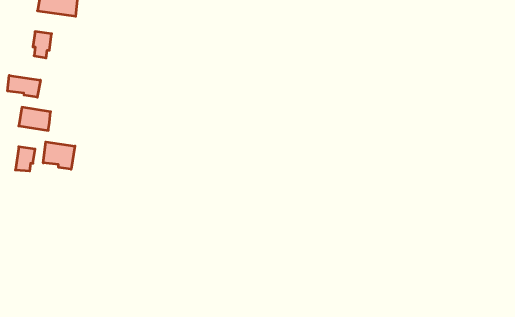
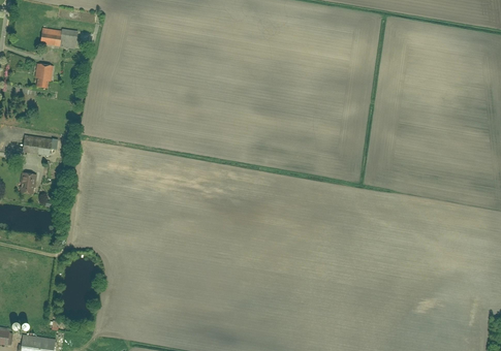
building: [8,75,40,97] -> none
building: [43,142,75,169] -> none

